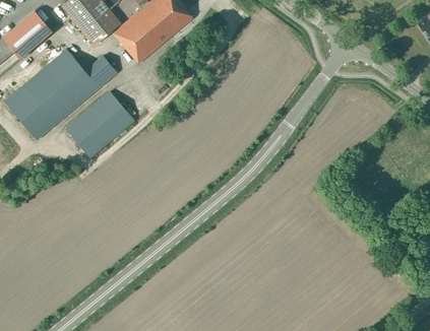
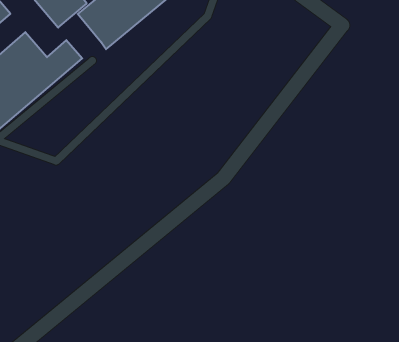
building: [65,91,134,157] -> none

